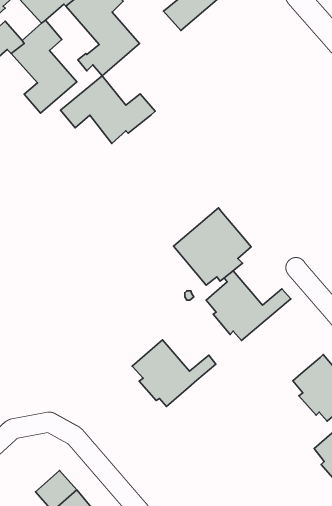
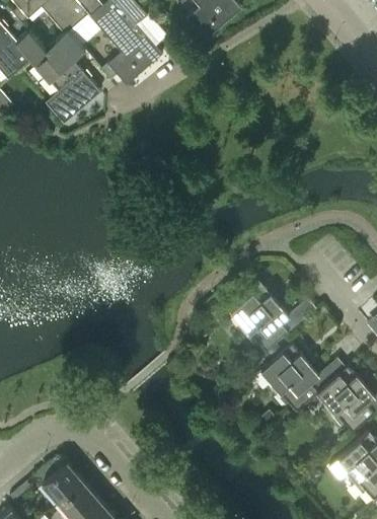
building: [60,76,155,143] -> none
building: [174,208,251,285] -> none
building: [132,340,216,407] -> [260,343,345,410]
building: none -> [42,461,83,502]

